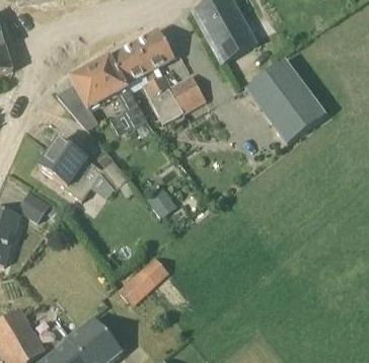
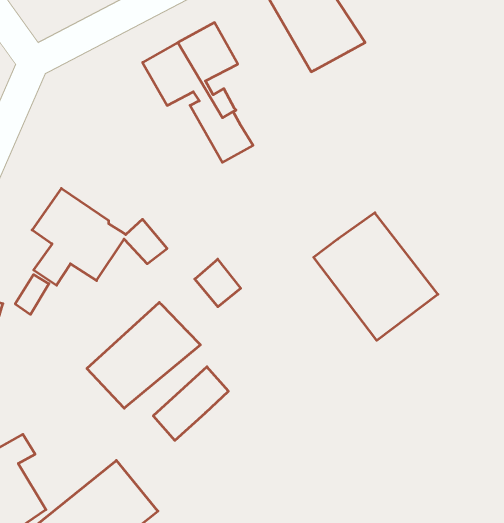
building: [59,56,146,136] -> none
building: [245,59,327,143] -> [314,213,438,340]
building: [171,75,206,111] -> none
building: none -> [87,302,200,408]

